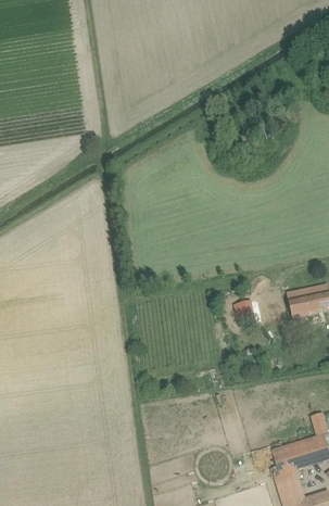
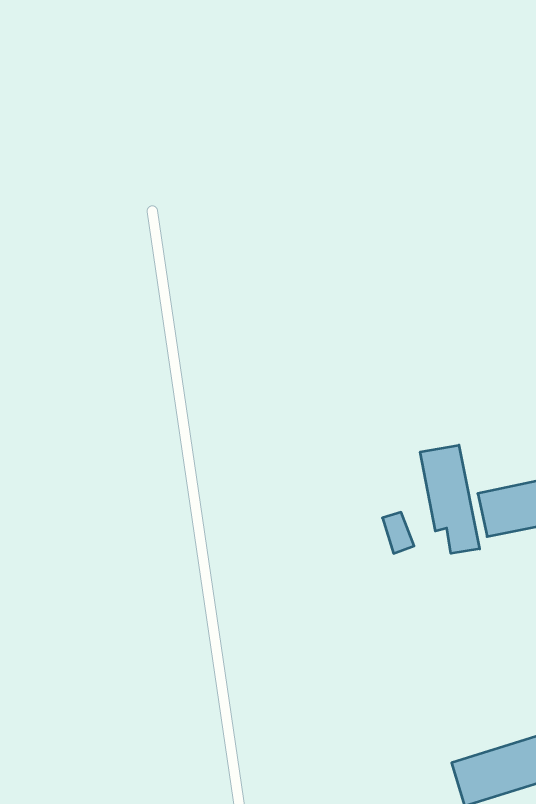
building: none -> [420,445,480,553]

